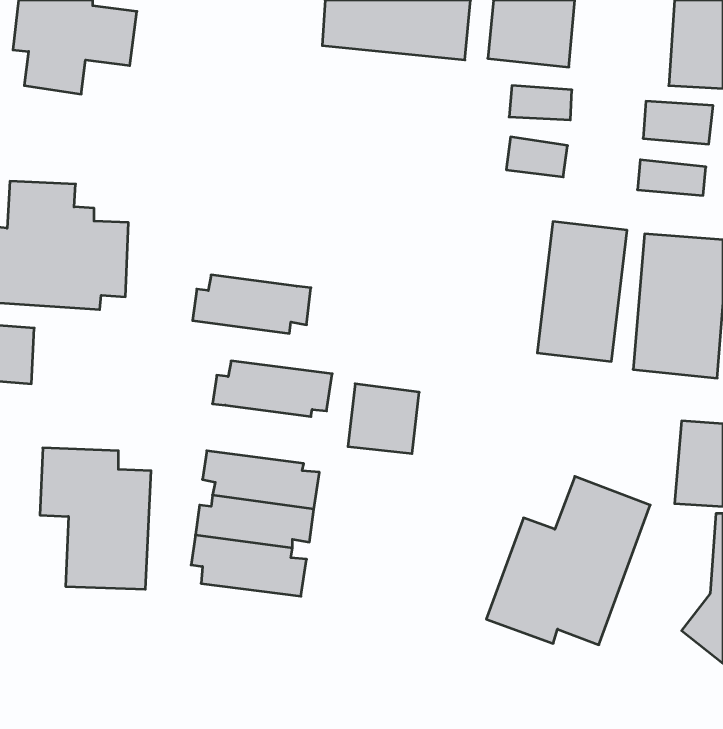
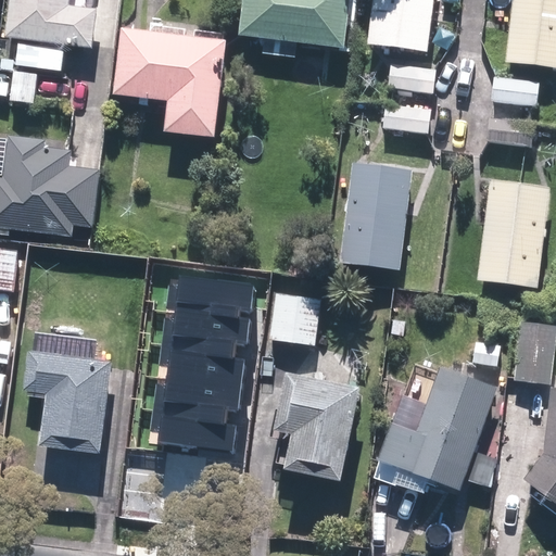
building: none -> [119,28,236,137]
building: [537,222,627,361] -> [338,163,406,269]
building: [193,275,311,333] -> [157,308,248,353]
building: none -> [270,375,355,481]

